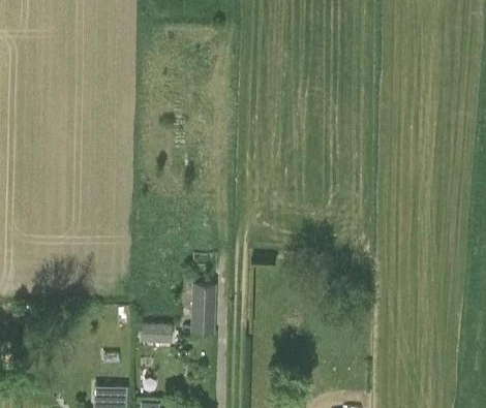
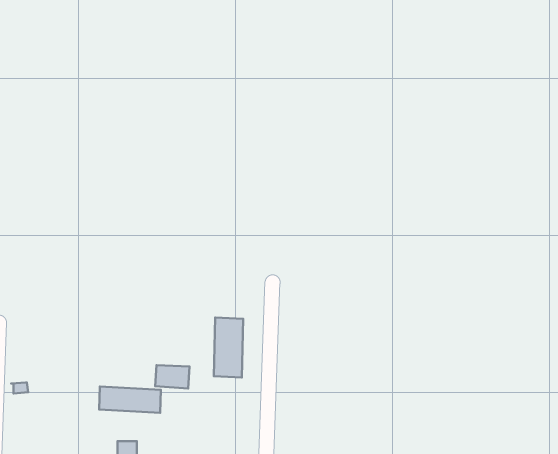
building: none -> [99,386,161,413]

